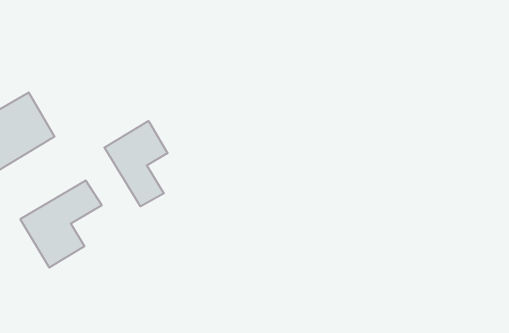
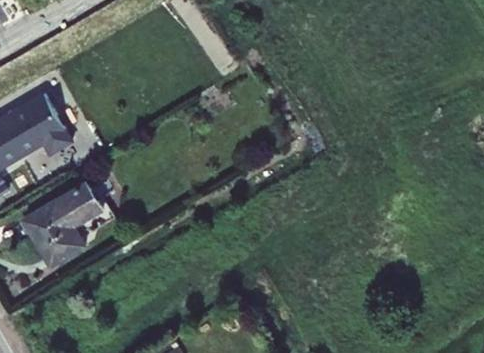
building: [104,121,168,206] -> none

